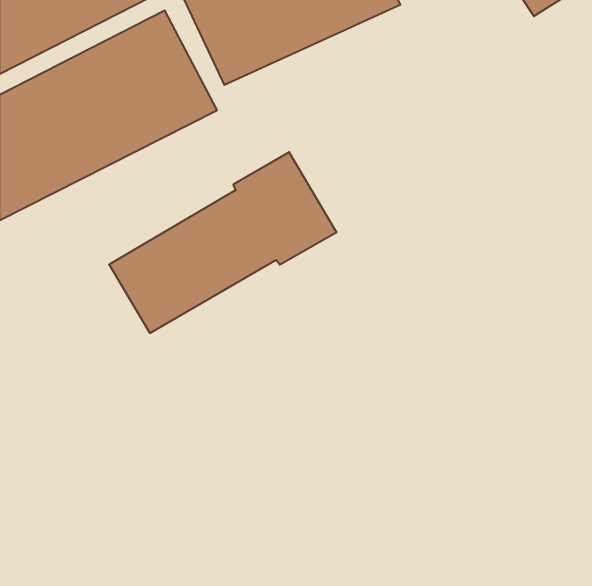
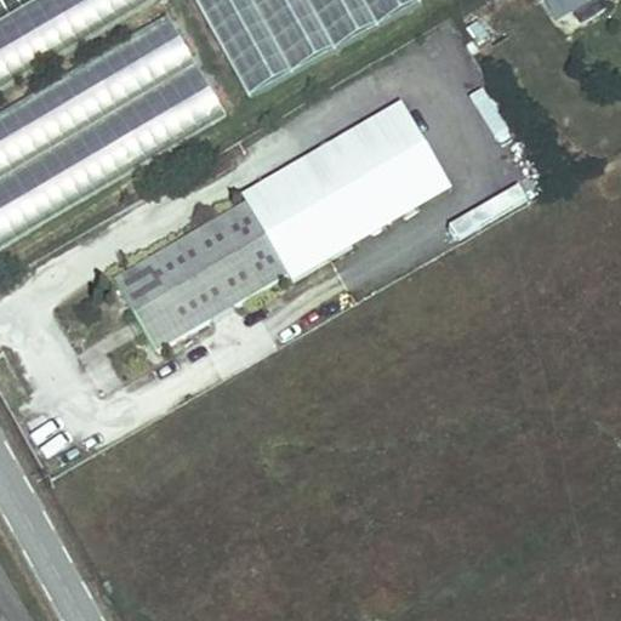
building: none -> [302,99,450,243]

